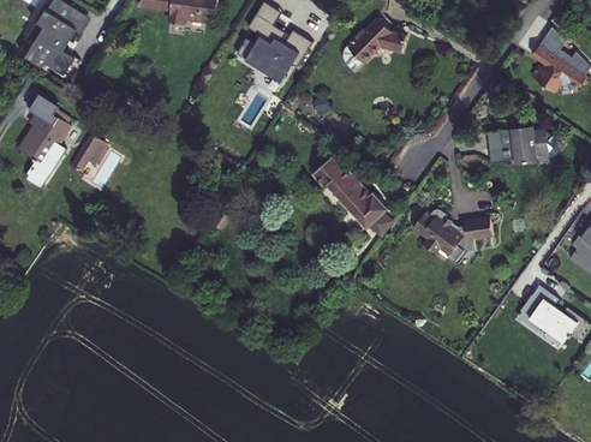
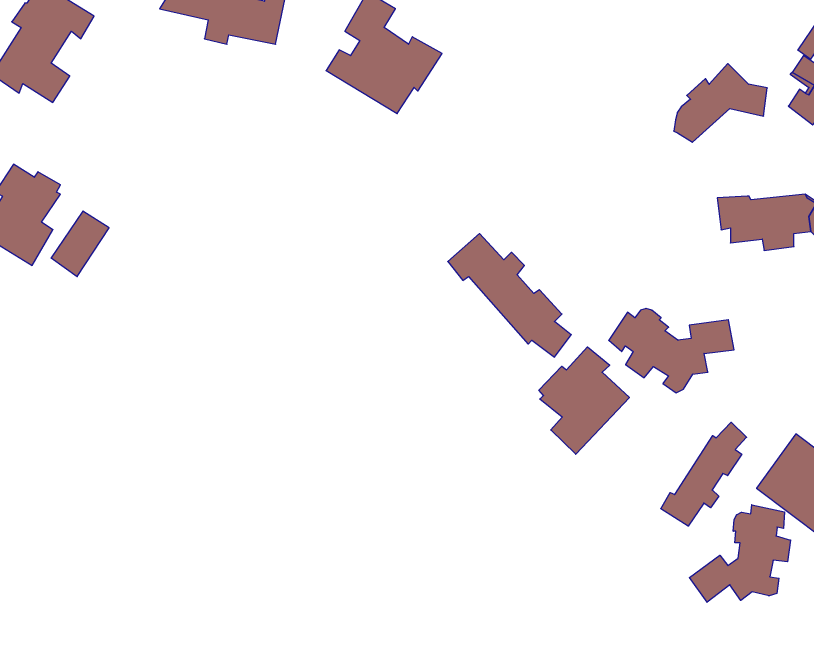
building: [342,17,402,67] -> [674,64,767,142]
building: none -> [539,347,629,454]
building: none -> [661,422,747,526]
building: none -> [689,505,791,602]

